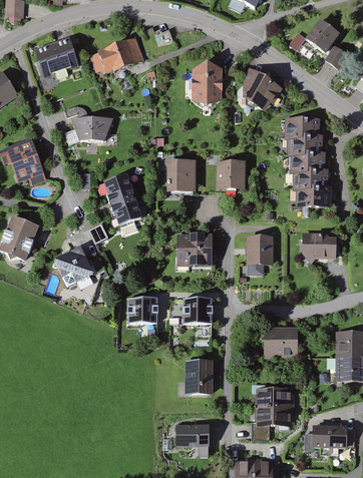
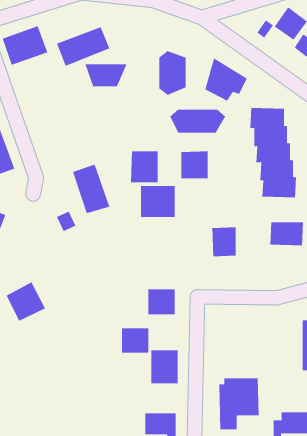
building: [73,117,116,140] -> [84,64,127,87]
building: none -> [169,109,226,133]
building: [174,235,210,268] -> [140,186,175,218]
building: [56,244,96,284] -> [6,281,46,322]
building: [127,300,155,325] -> [121,328,149,353]
building: [263,329,296,360] -> none

